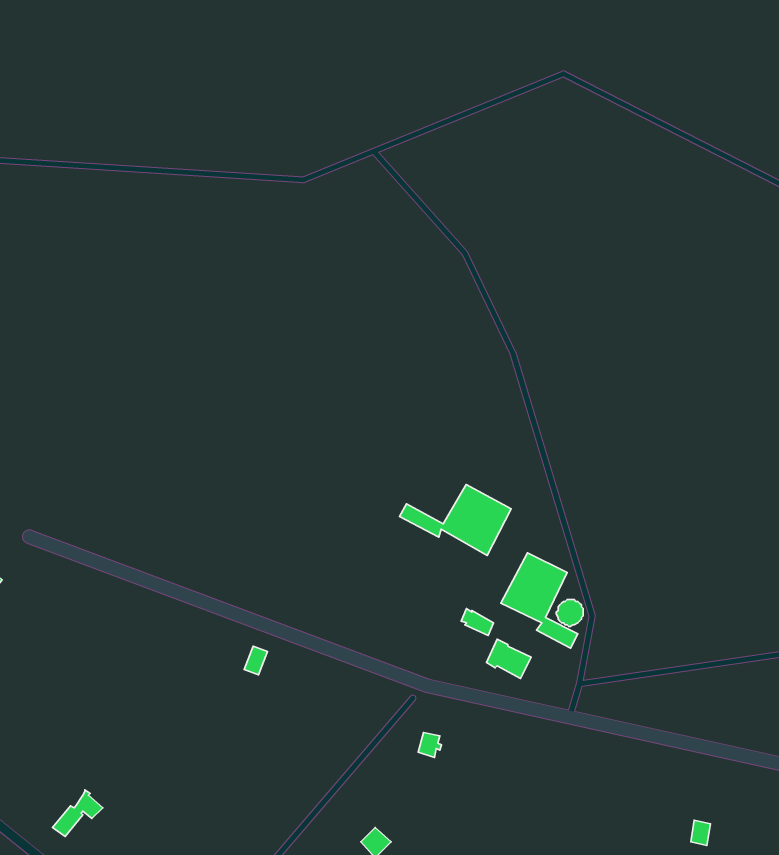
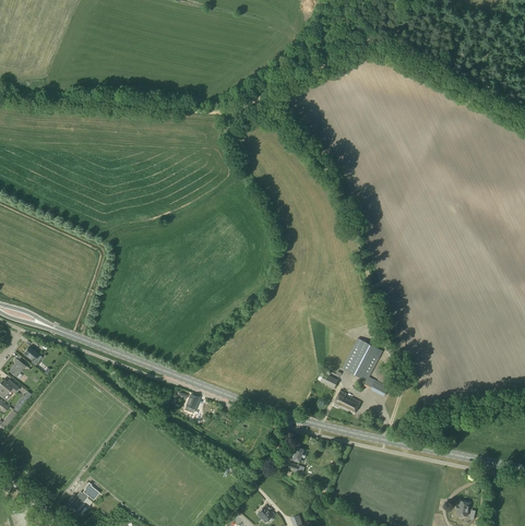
building: [399,484,511,555] -> none

